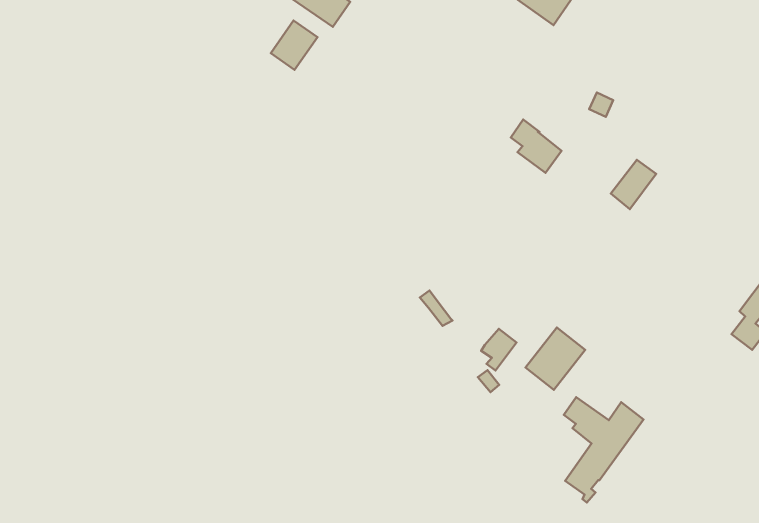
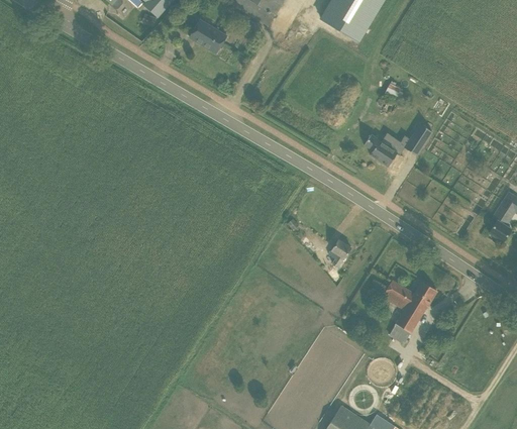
building: [271,20,317,70] -> none
building: [511,120,561,173] -> [364,132,397,166]
building: [525,328,585,390] -> none

